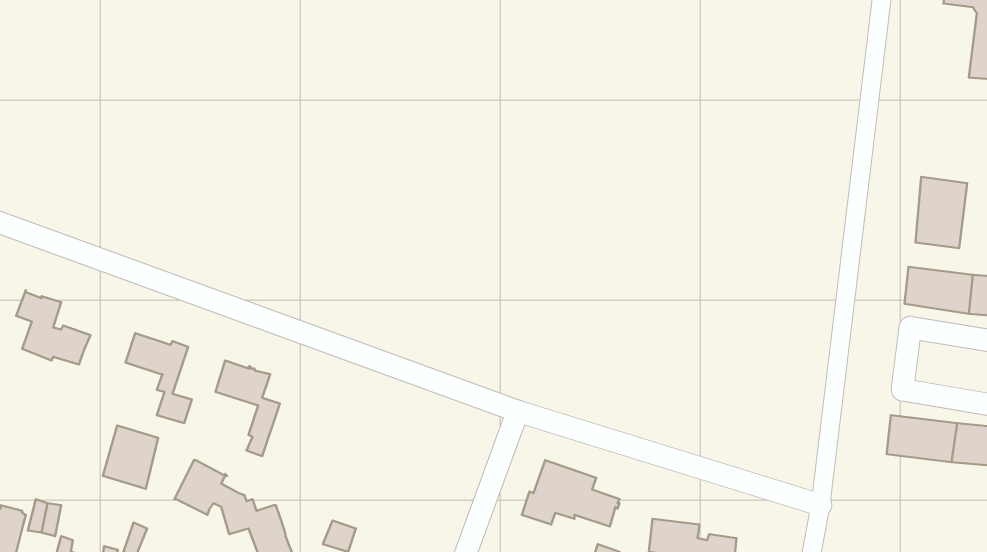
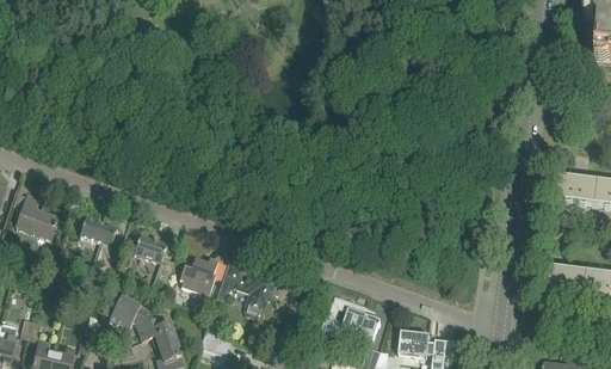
building: [915,177,967,248] -> none
building: none -> [179,258,217,299]
building: none -> [216,264,276,316]
building: [103,426,158,489] -> none

